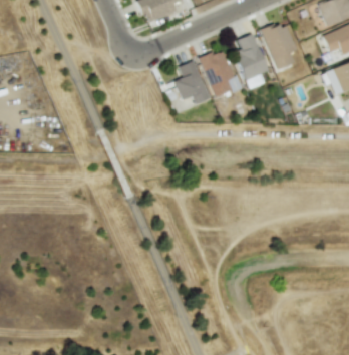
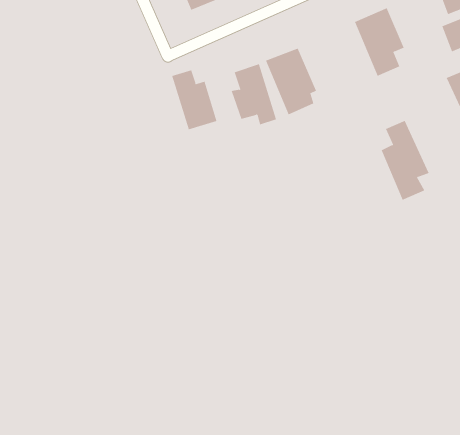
building: [235,33,269,89] -> [381,120,429,200]
building: none -> [171,69,217,130]

